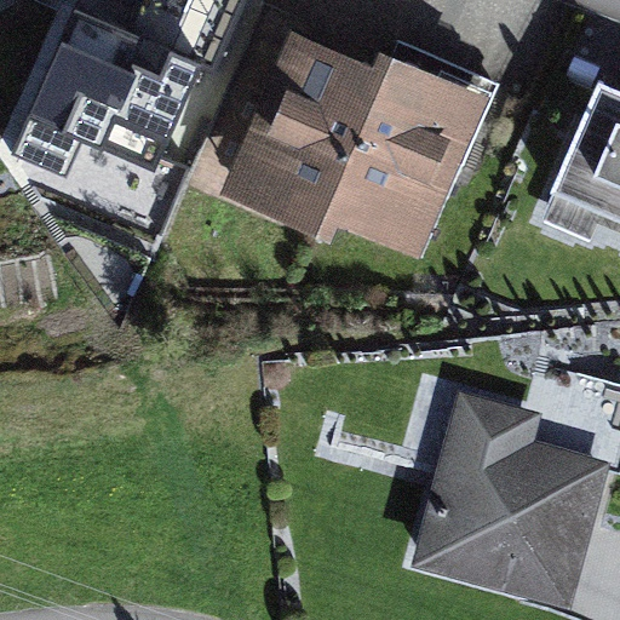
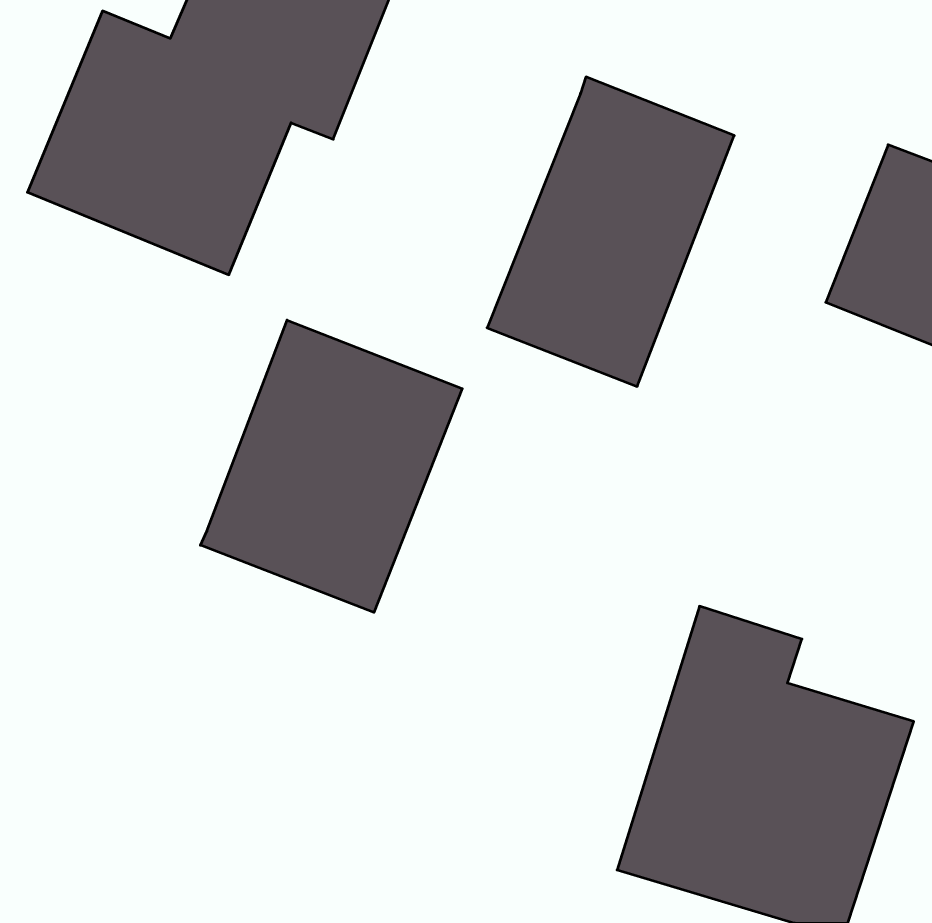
building: [223,23,386,228] -> none
building: none -> [200,320,462,612]

